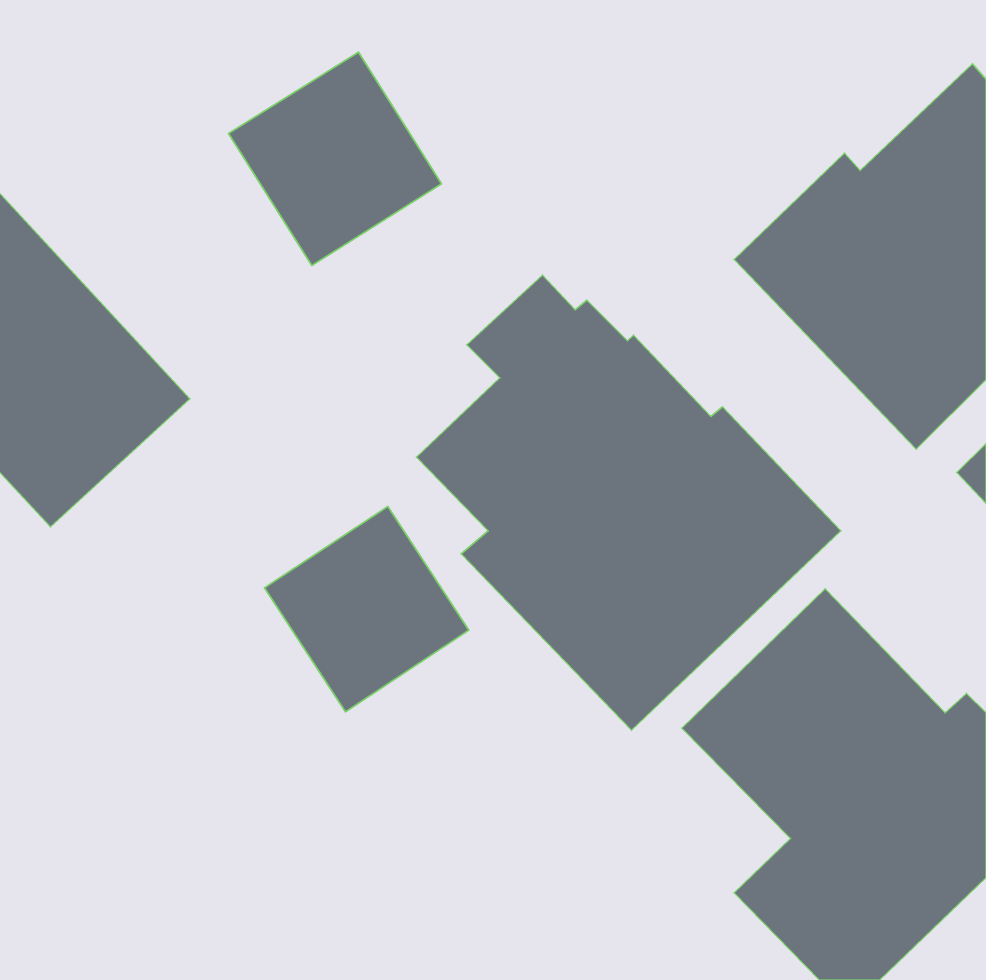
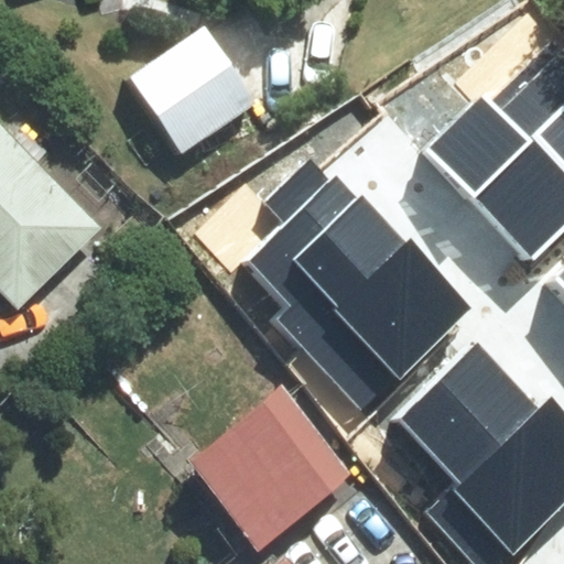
building: [264,506,469,712] -> none
building: none -> [213,397,359,545]

